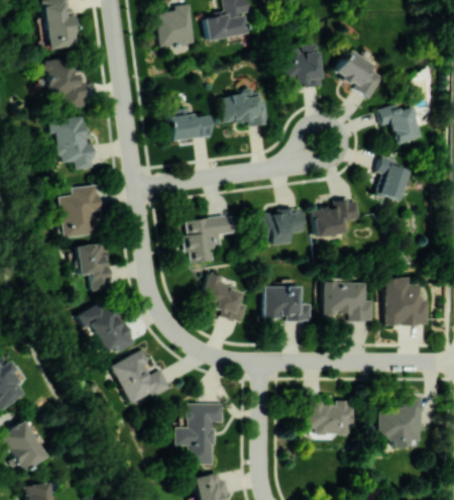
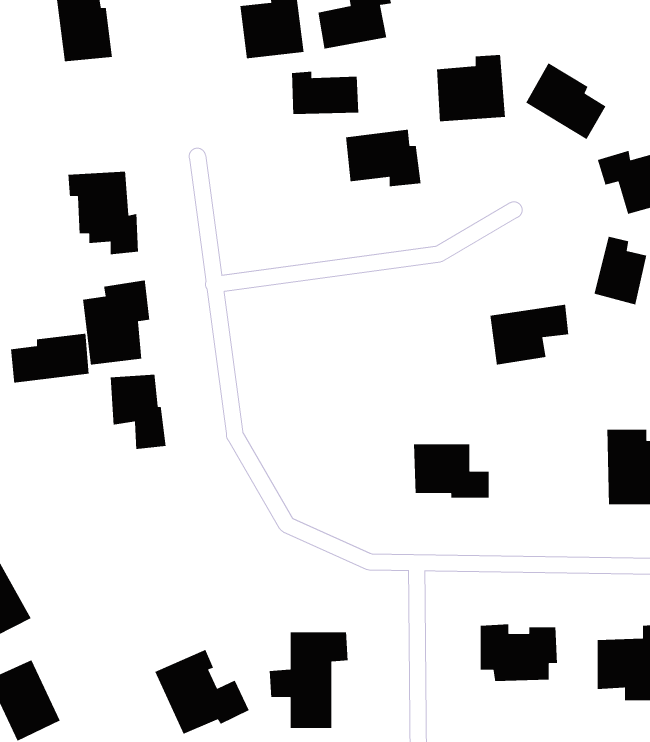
building: [45,60,87,108] -> none
building: [168,112,211,139] -> [291,71,359,115]
building: [257,211,306,245] -> none
building: [184,215,238,264] -> none
building: none -> [10,333,90,384]
building: [201,273,249,323] -> none
building: [325,283,374,321] -> none
building: [78,301,136,353] -> none
building: [112,351,172,404] -> [154,649,250,735]

